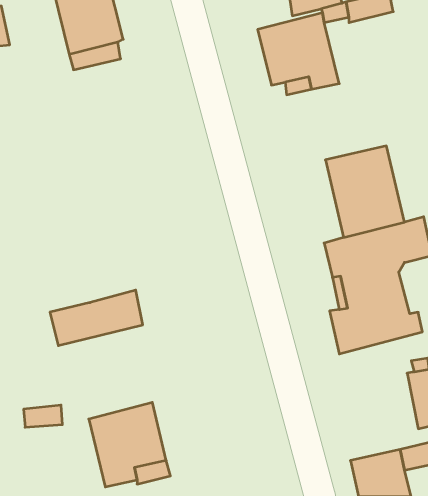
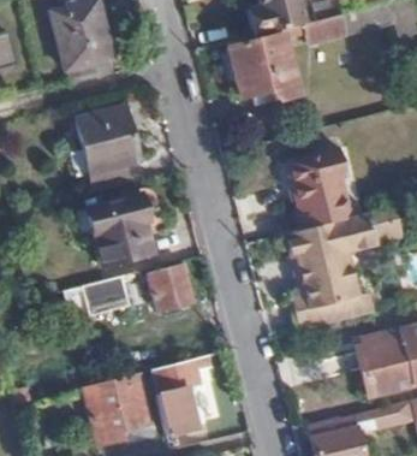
building: none -> [82,107,143,188]
building: none -> [88,195,150,262]
building: none -> [149,265,193,310]
building: none -> [154,354,212,433]

